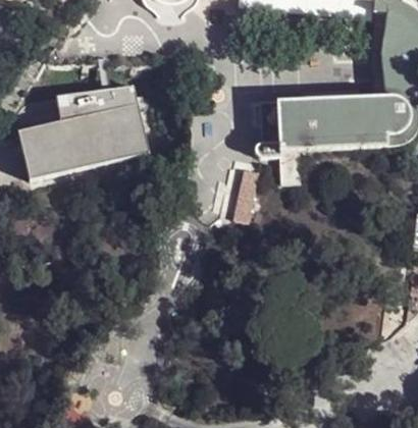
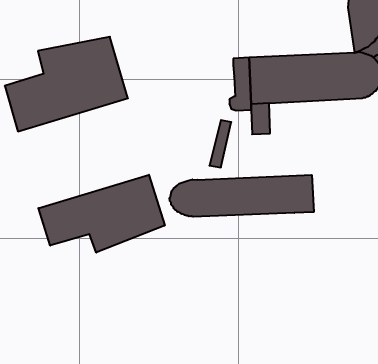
building: none -> [38,175,165,253]
building: none -> [169,175,314,217]

